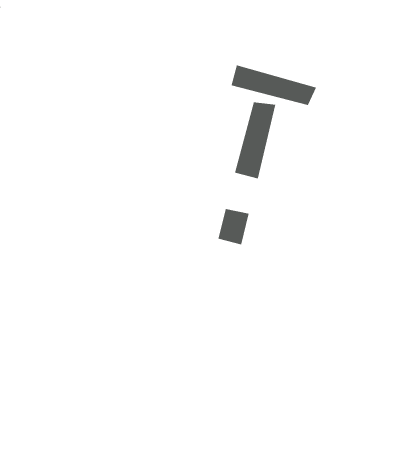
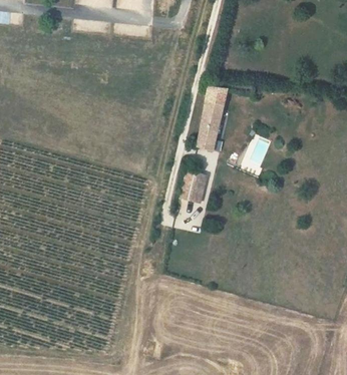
building: [231,64,317,106] -> none

